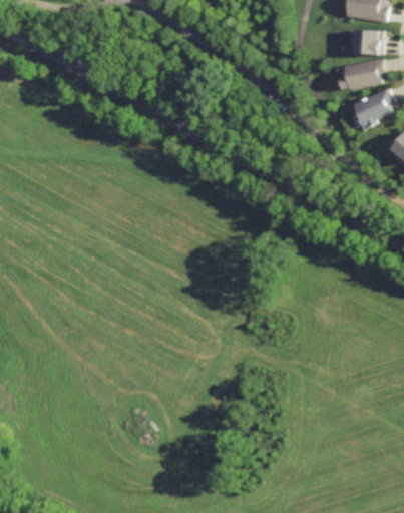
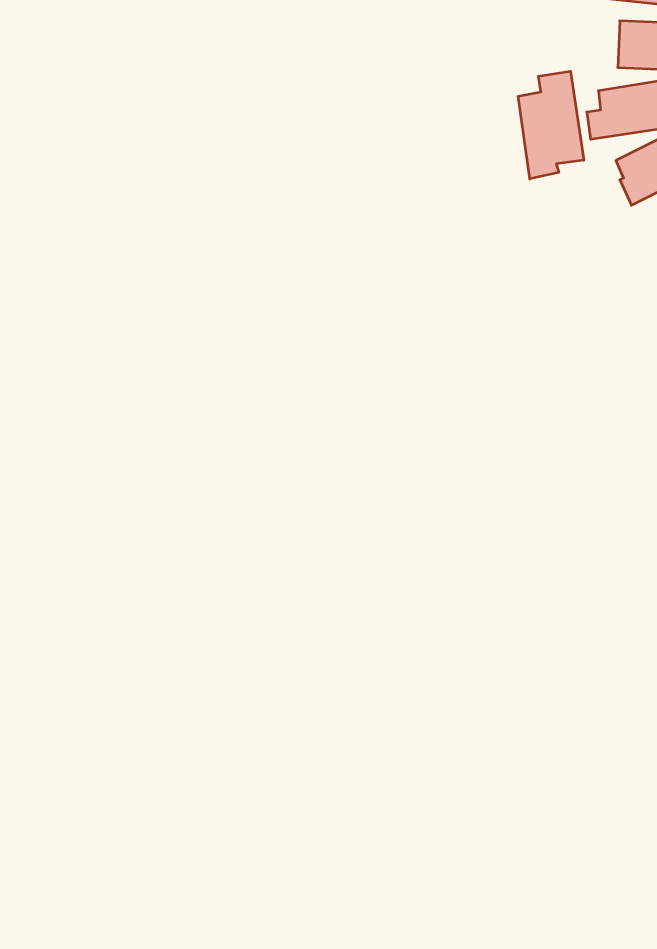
building: none -> [518,71,584,179]

